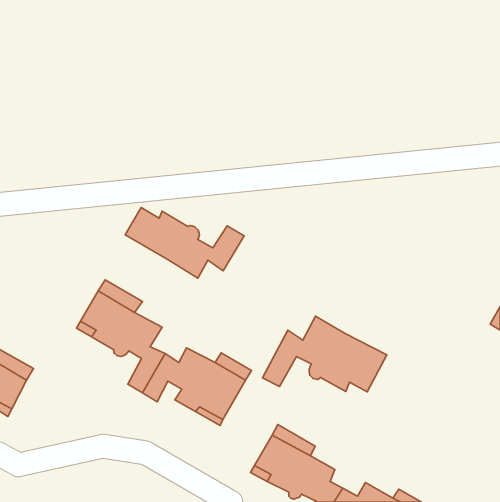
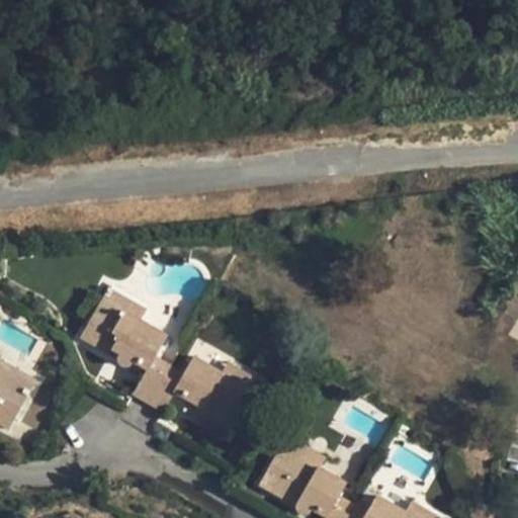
building: [125,207,244,278] -> none
building: [262,316,387,392] -> none

